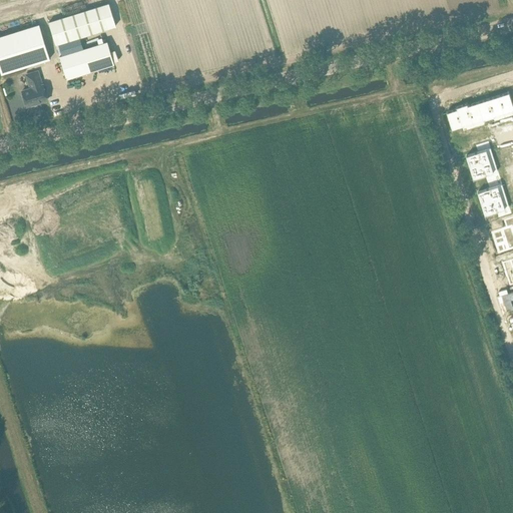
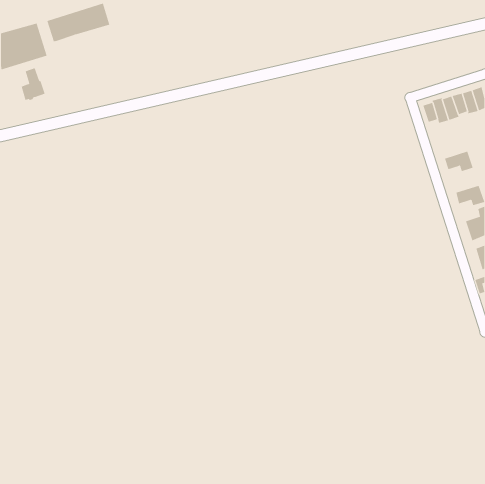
building: [58,38,114,80] -> none
building: [465,142,494,168] -> none
building: [477,178,506,204] -> none

